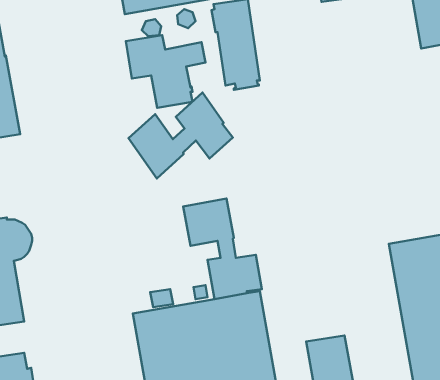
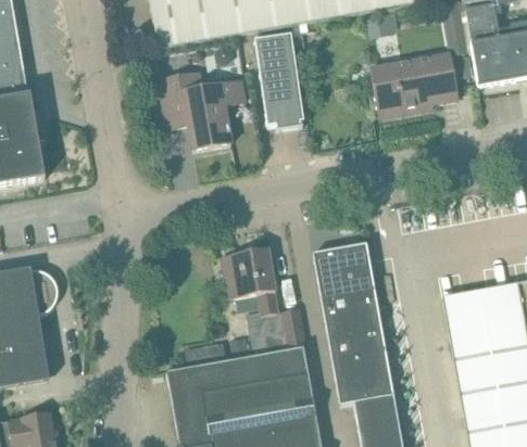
building: none -> [371,54,457,116]
building: [128,93,233,178] -> none
building: none -> [313,242,394,403]

